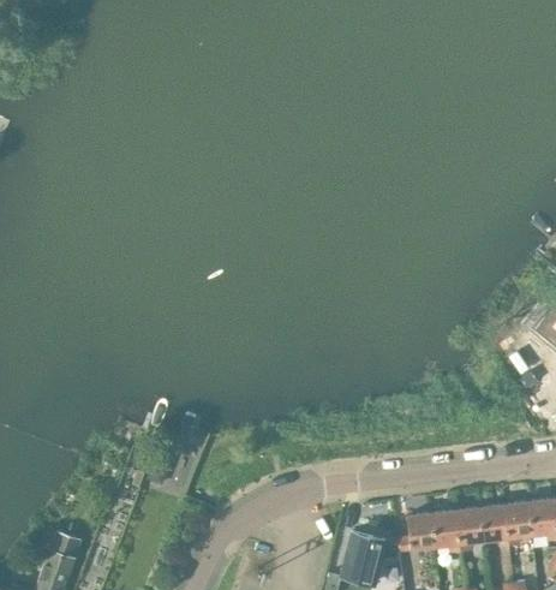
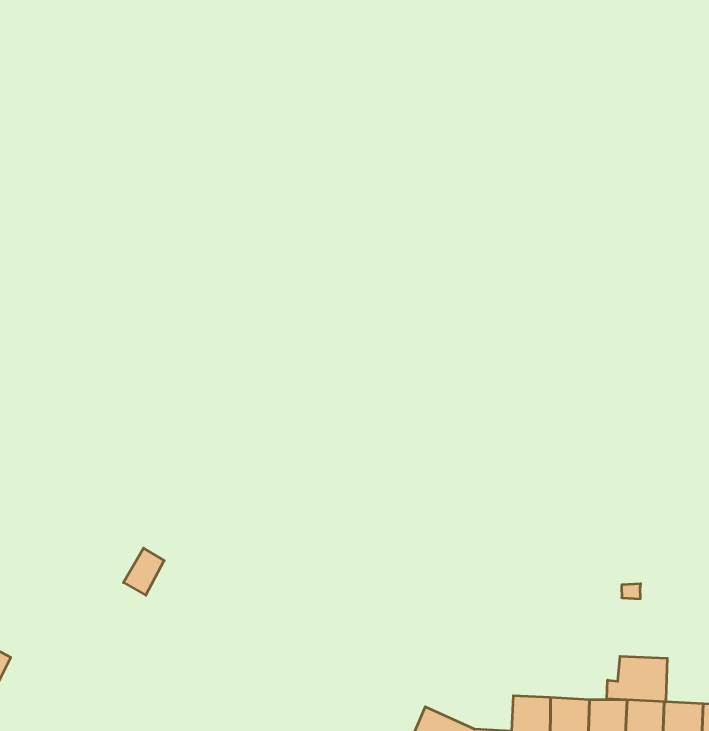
building: none -> [607,656,667,702]

